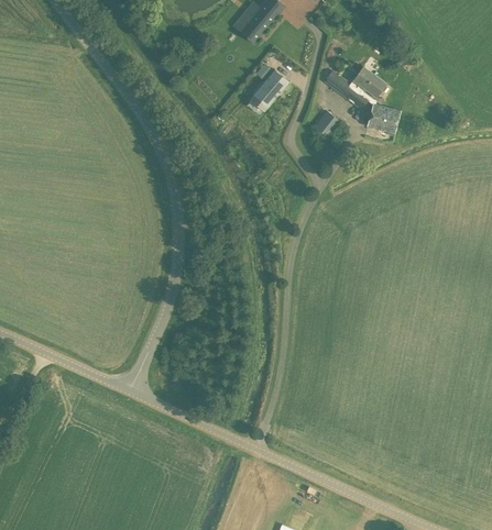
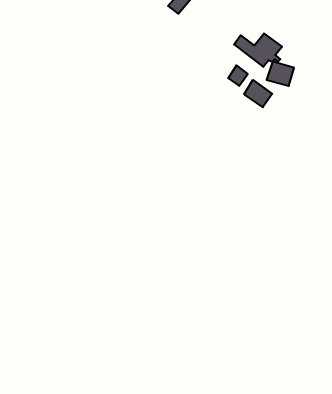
building: [251,68,287,106] -> none
building: none -> [244,80,272,107]

